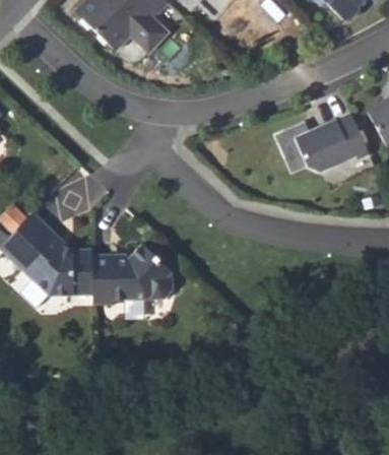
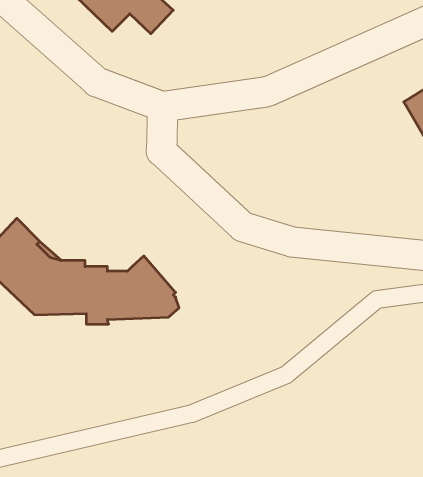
building: [276,113,368,171] -> none

